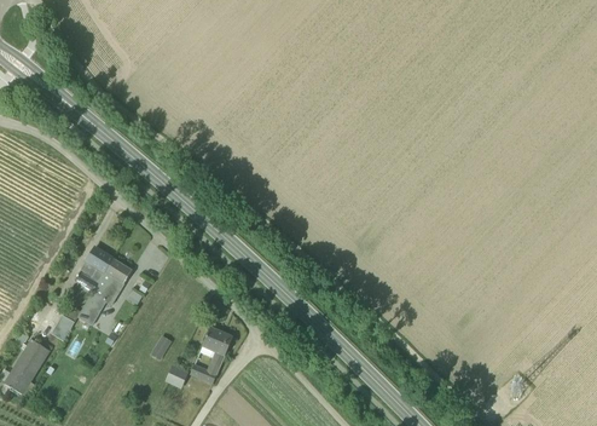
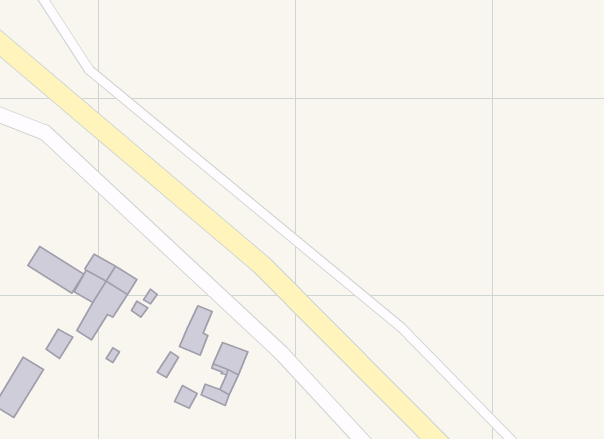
building: none -> [28,247,84,293]
building: none -> [180,306,212,355]

